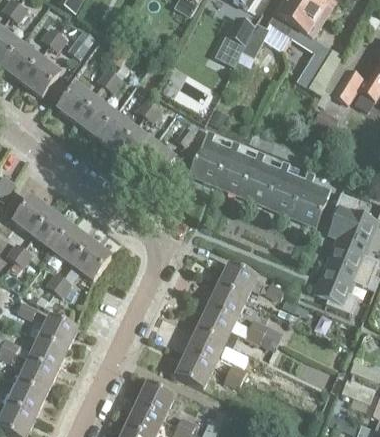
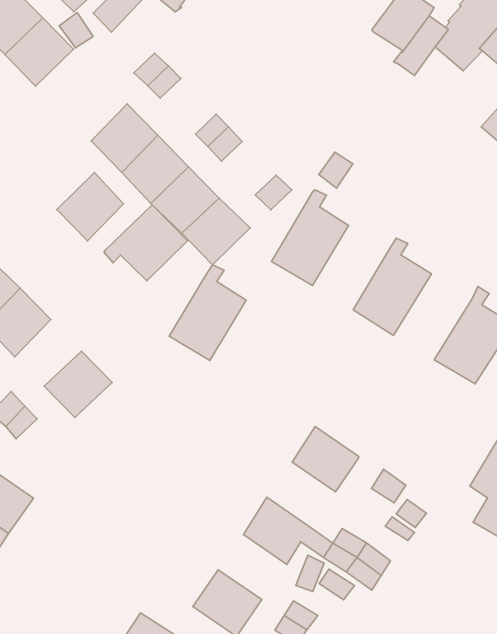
building: [215,35,244,65] -> none
building: [57,83,94,122] -> [57,173,123,241]
building: [214,140,254,194] -> [169,265,246,360]
building: none -> [104,205,187,281]
building: [264,160,305,215] -> none
building: [53,226,90,264] -> none
building: [207,285,245,320] -> none
building: [186,330,224,365] -> none

